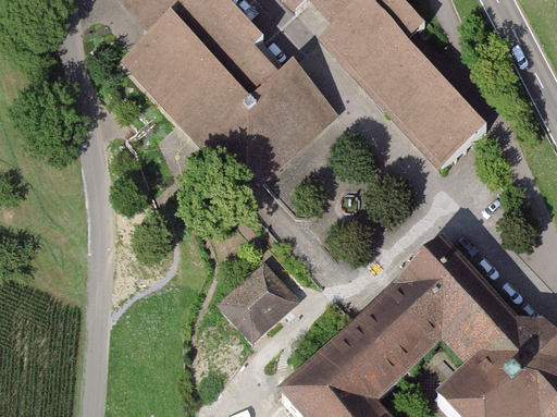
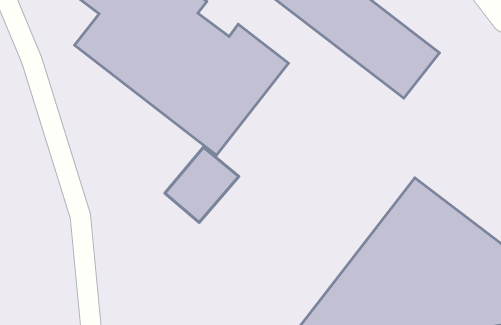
building: [219,260,295,334] -> [165,147,239,223]

